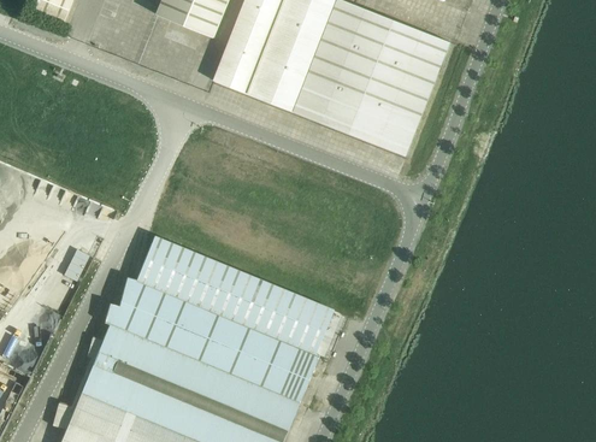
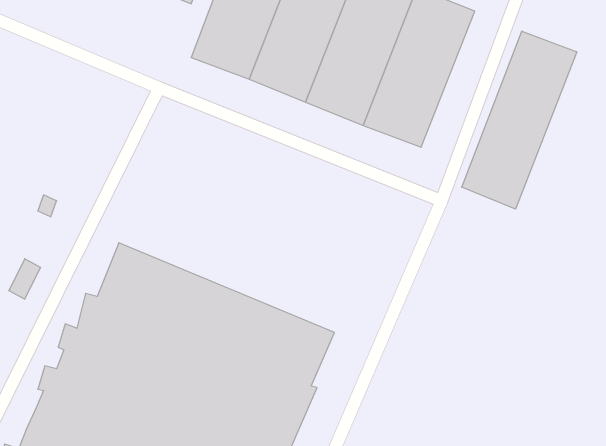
building: none -> [462,31,577,209]

